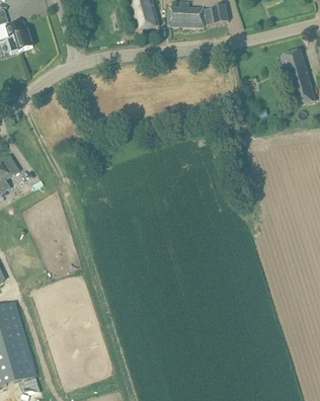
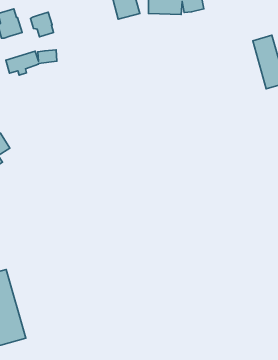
building: none -> [30,12,53,37]
building: none -> [6,50,57,75]

